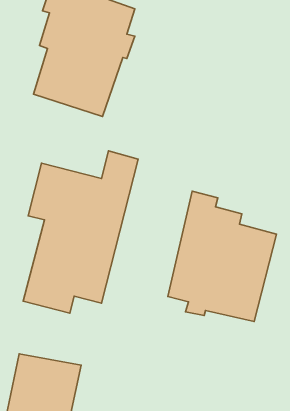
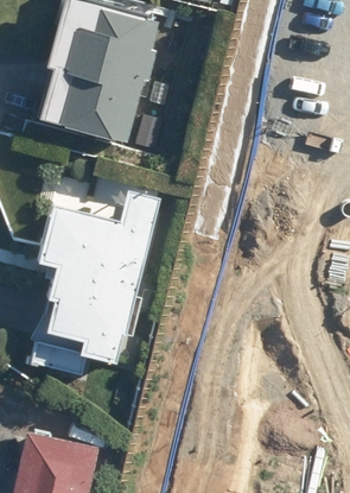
building: [168,191,276,321] -> none

